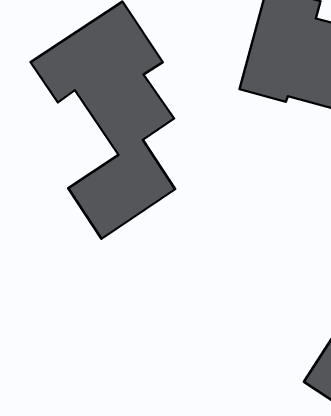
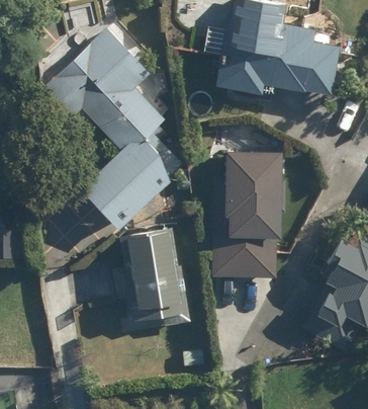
building: none -> [217,152,283,276]
building: none -> [125,231,178,314]

